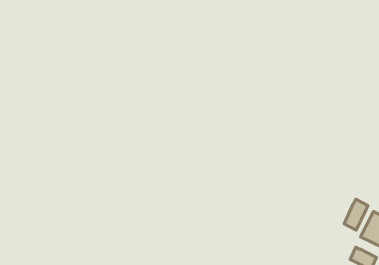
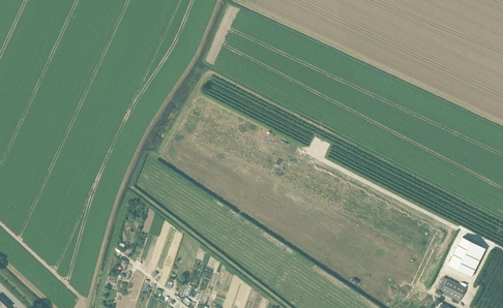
building: [344,199,368,230] -> none

